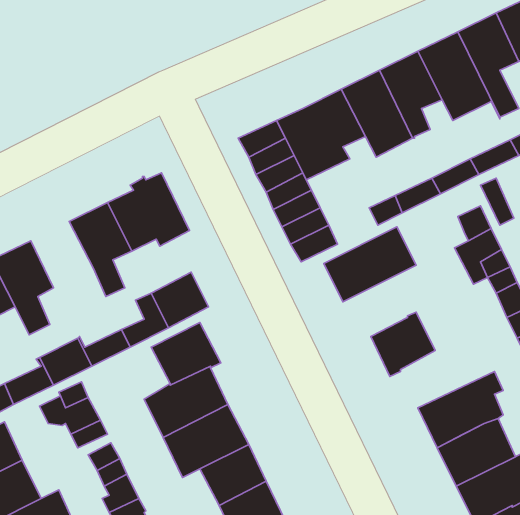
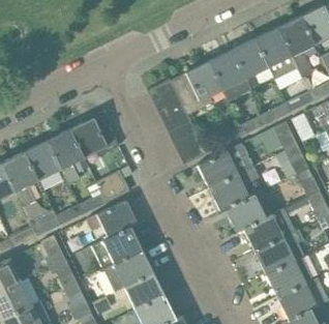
building: none -> [25,140,62,179]
building: none -> [210,166,260,211]
building: none -> [244,208,300,251]

